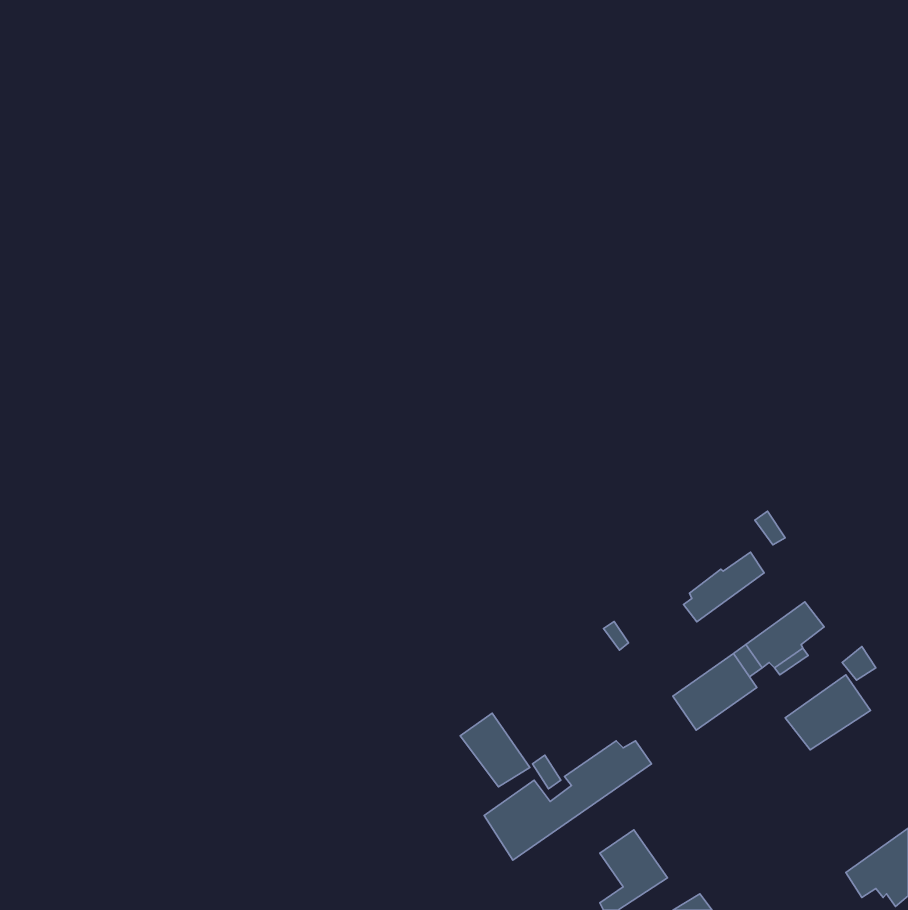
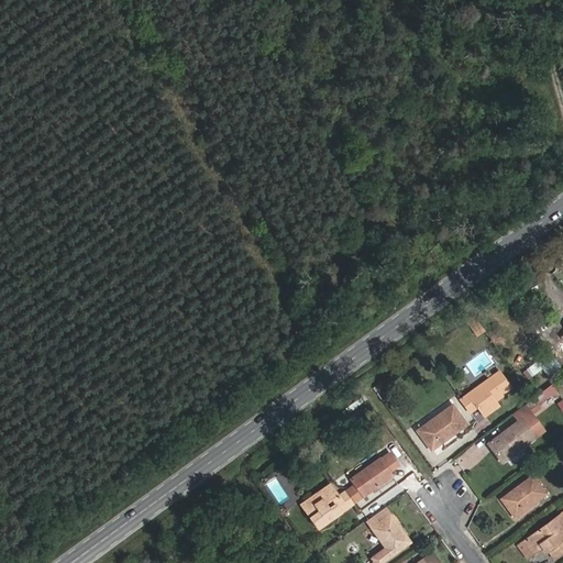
building: [683,552,764,622] -> none
building: [460,713,530,787] -> none
building: none -> [498,474,548,518]

